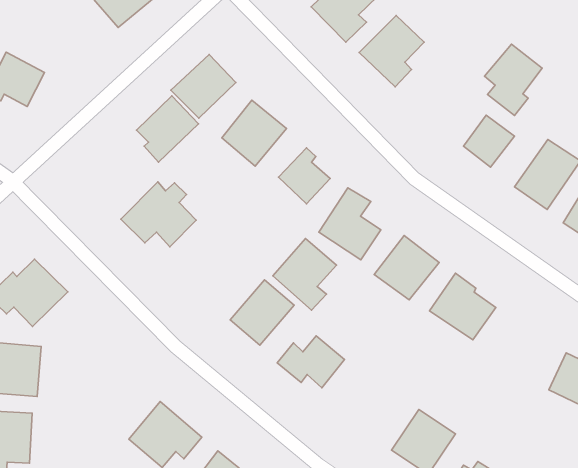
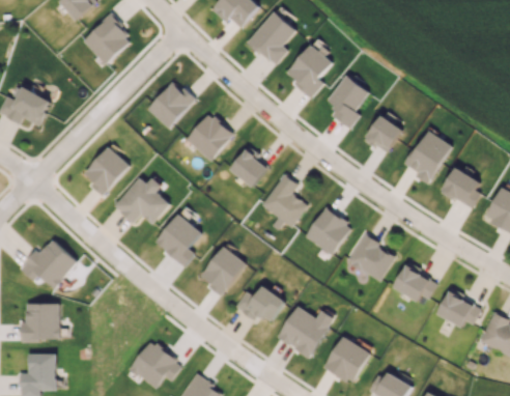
building: [484,44,542,116] -> [328,75,370,128]
building: [137,96,198,162] -> [85,145,131,195]
building: [273,238,336,310] -> [155,213,202,265]
building: none -> [394,263,438,303]
building: none -> [278,305,336,357]

